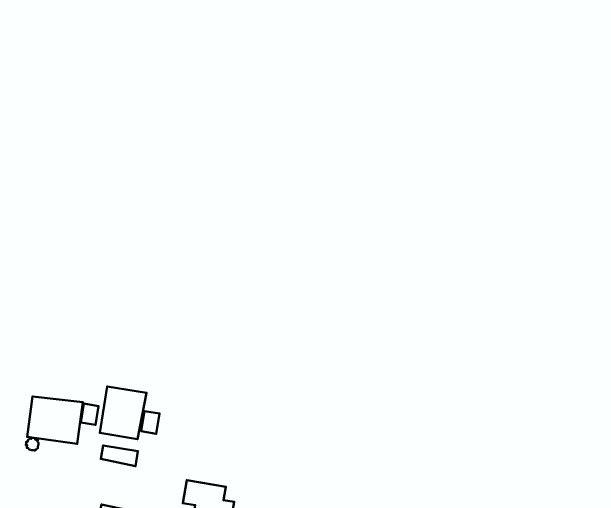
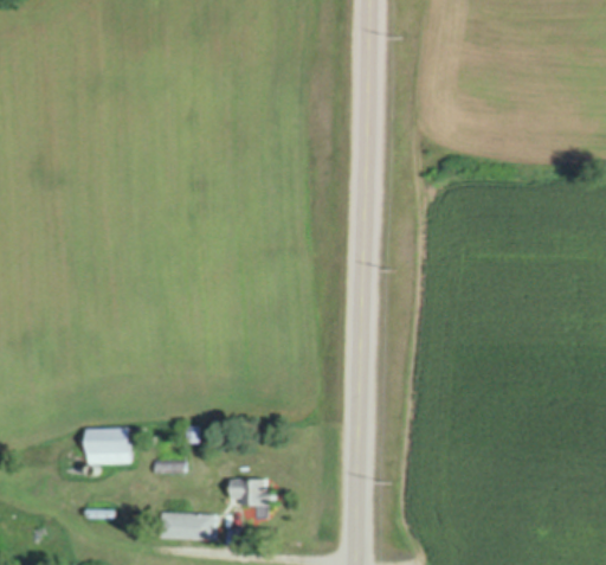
building: [100,386,146,439] -> none

